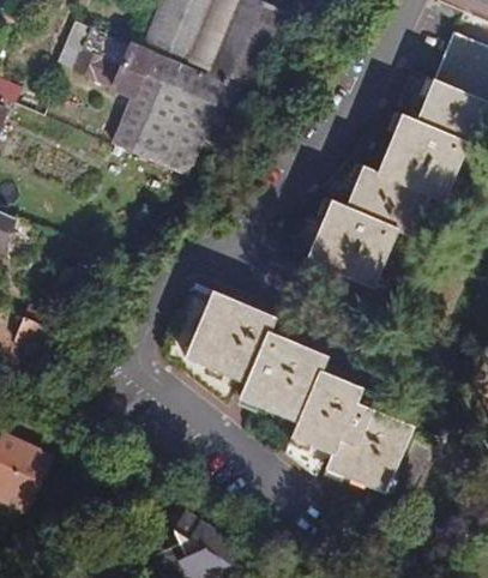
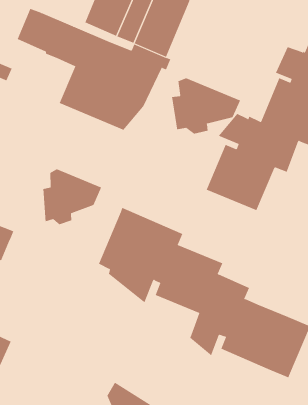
building: none -> [171,77,241,134]
building: none -> [43,169,102,225]

